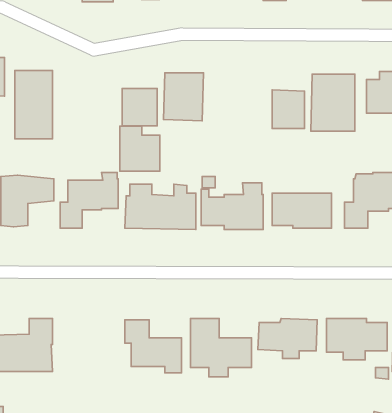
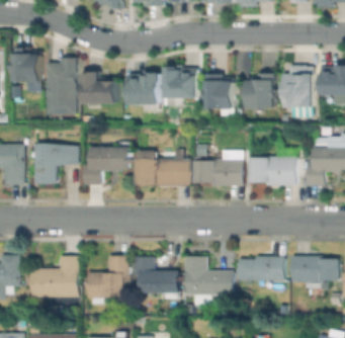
building: none -> [204,73,233,111]
building: [120,126,160,171] -> [86,69,117,104]
building: none -> [85,256,128,304]

